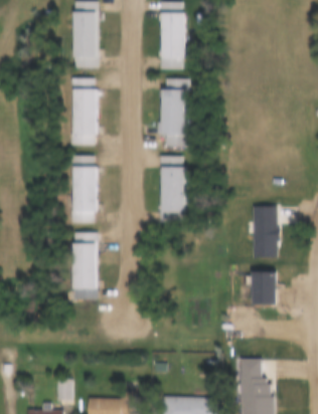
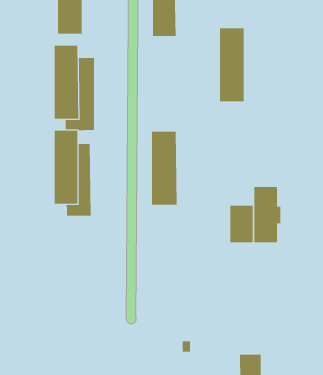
building: [165,76,188,144] -> [219,28,245,102]
building: [73,231,97,301] -> none
building: [254,270,276,304] -> [229,205,254,243]

